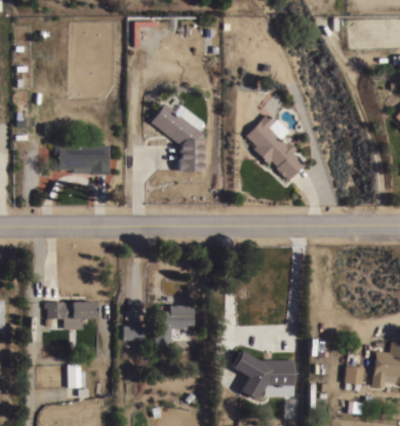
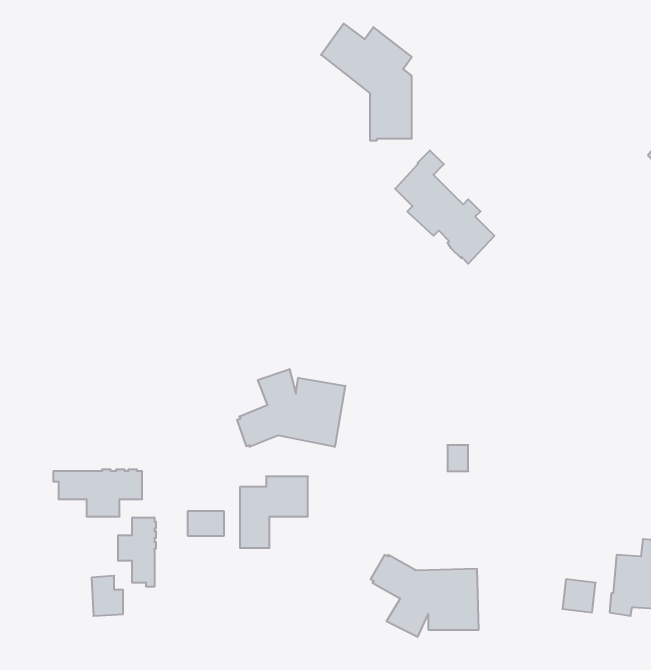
building: [150,103,203,171] -> [321,24,412,140]
building: [54,145,110,175] -> none
building: none -> [237,369,345,447]
building: none -> [118,517,156,587]

